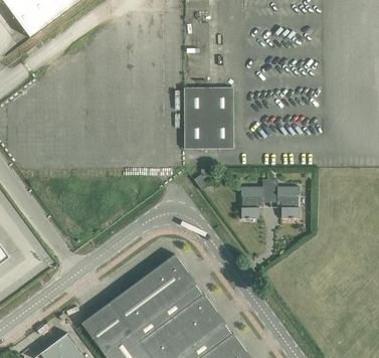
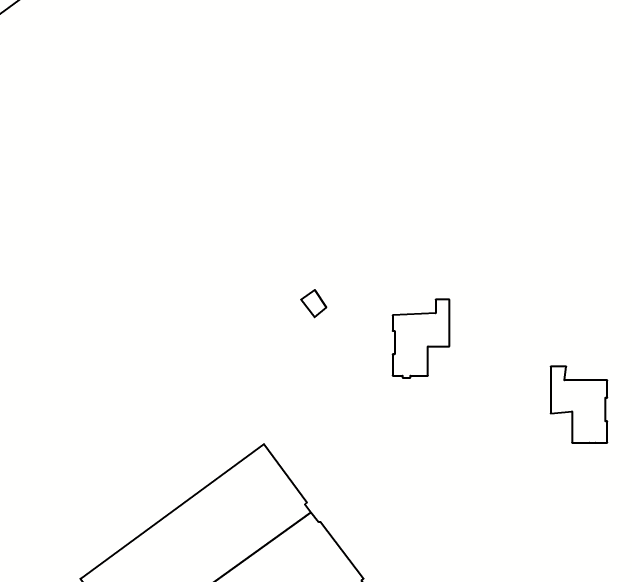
building: [183,87,232,149] -> none
building: [269,179,299,218] -> [551,367,607,443]

